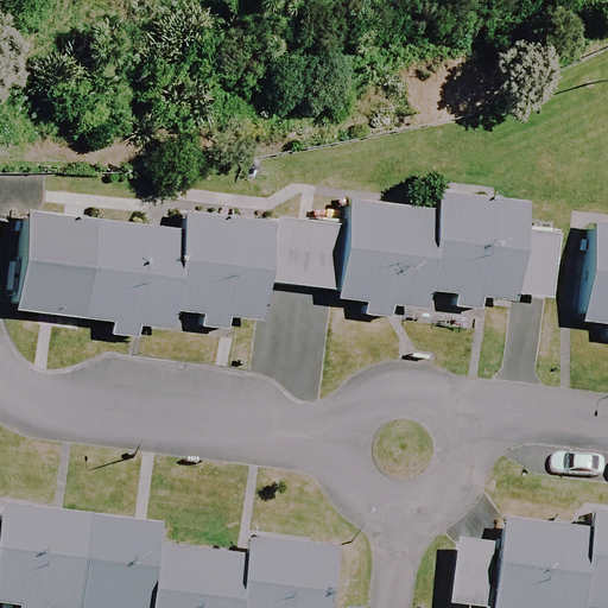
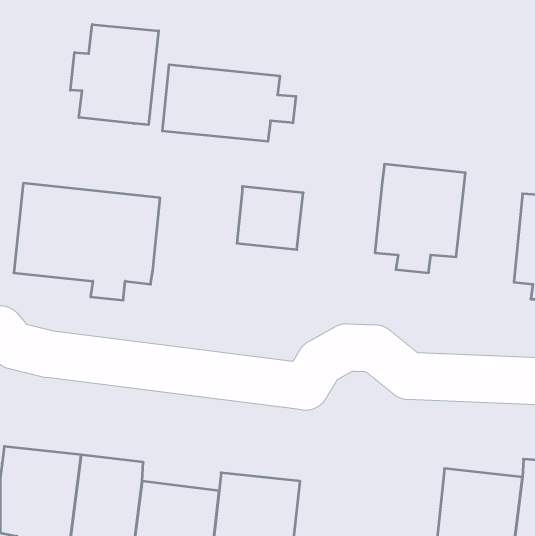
building: none -> [70,24,159,125]
building: none -> [162,65,296,141]
building: [337,198,435,321] -> none
building: [176,209,277,331] -> none

